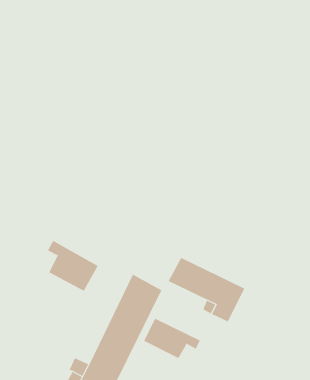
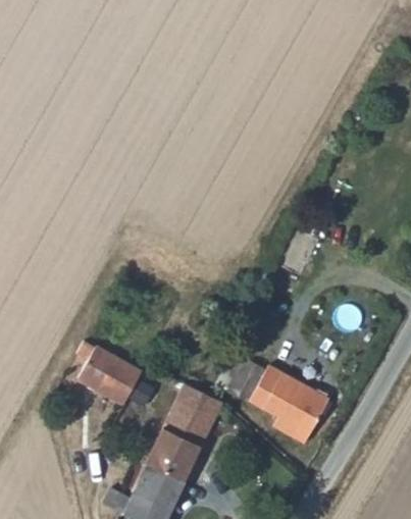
building: [143,318,201,359] -> none

